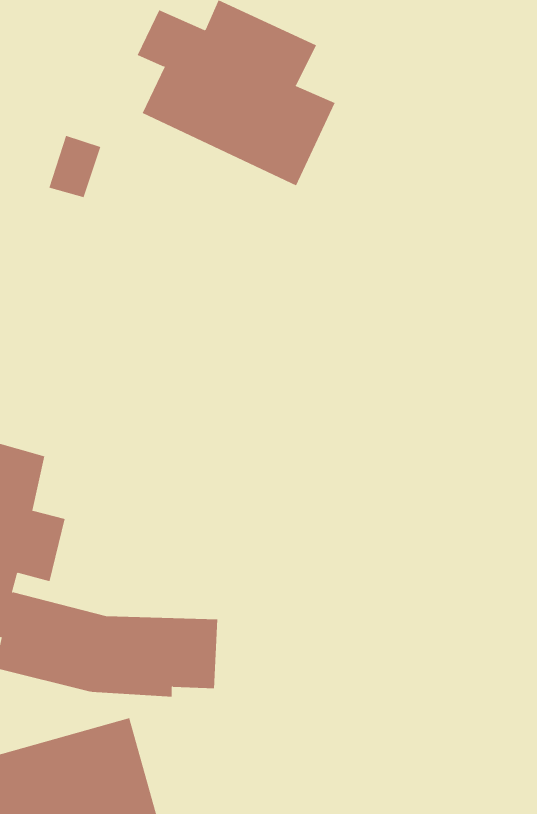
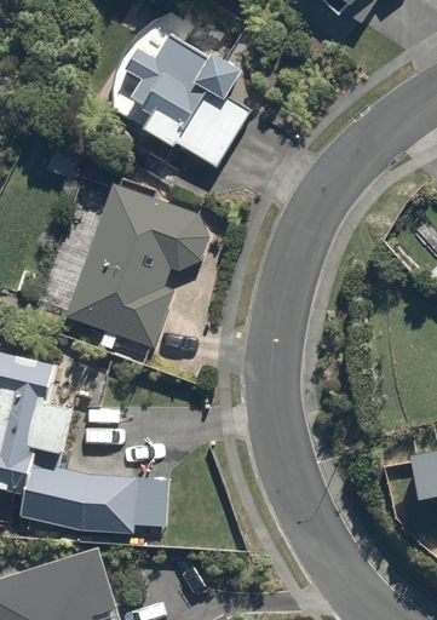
building: none -> [56,179,205,348]

